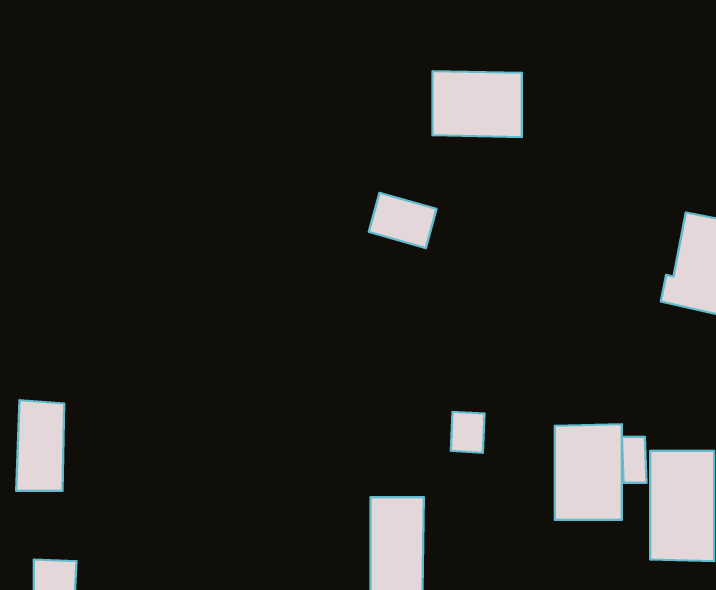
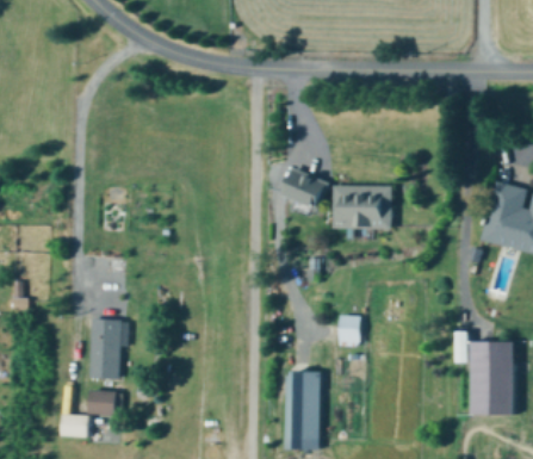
building: [433,71,522,137] -> [333,185,392,229]
building: [16,400,64,491] -> [87,318,119,379]
building: [555,424,622,520] -> none
building: none -> [87,391,116,415]

